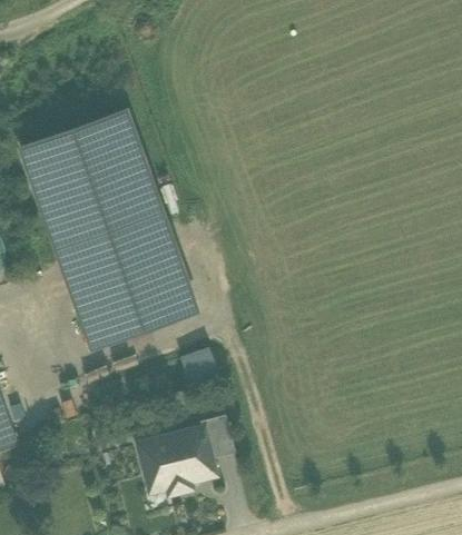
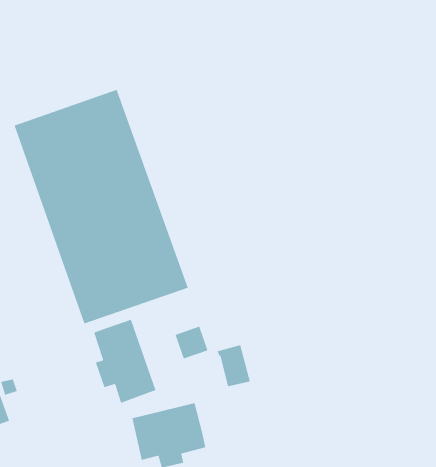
building: none -> [93,319,156,404]
building: [200,415,235,458] -> [216,344,251,387]

